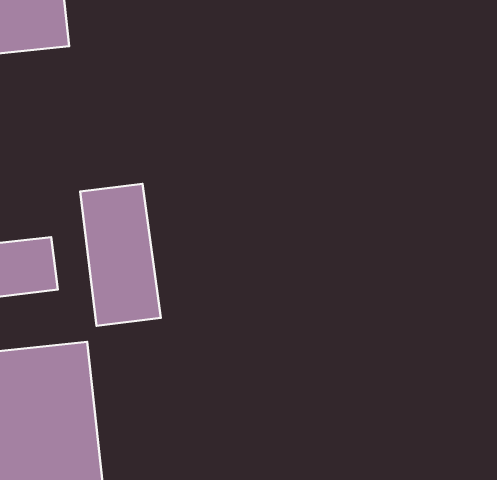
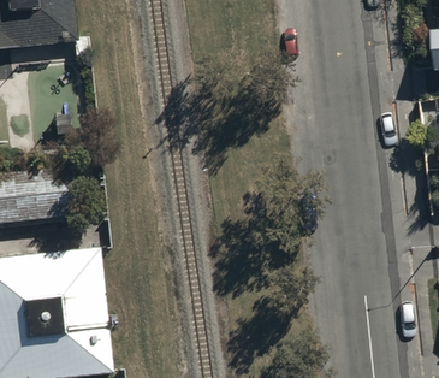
building: [80,184,161,326] -> none

